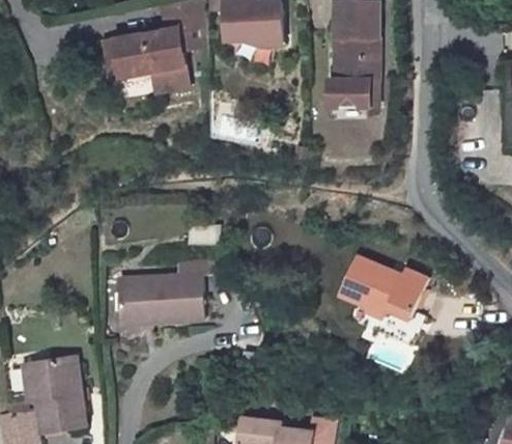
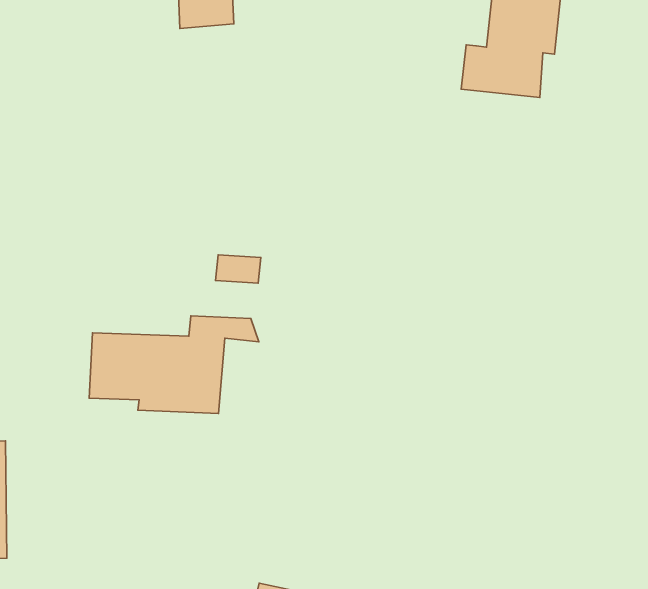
building: [334,255,424,320] -> none

